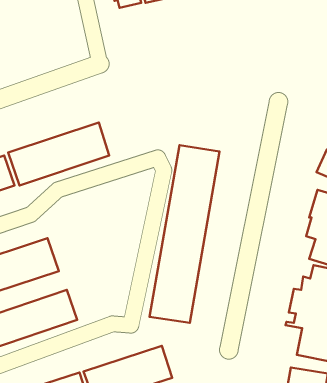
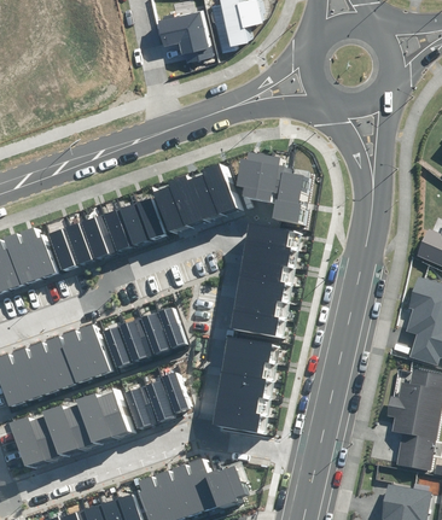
building: none -> [248,153,309,221]
building: none -> [159,164,245,233]
building: none -> [105,303,190,369]
building: none -> [129,373,191,425]

